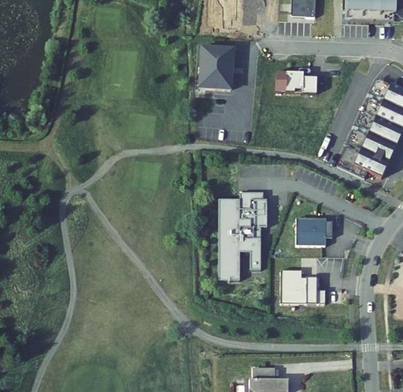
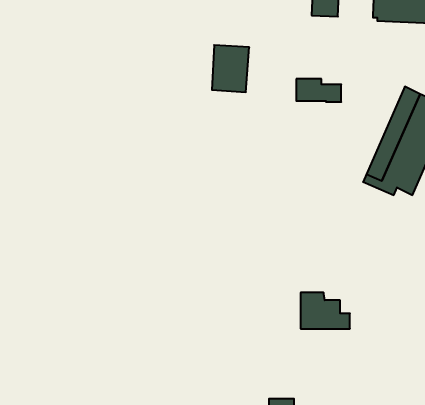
building: [217,192,263,281] -> none
building: [296,217,332,244] -> none

